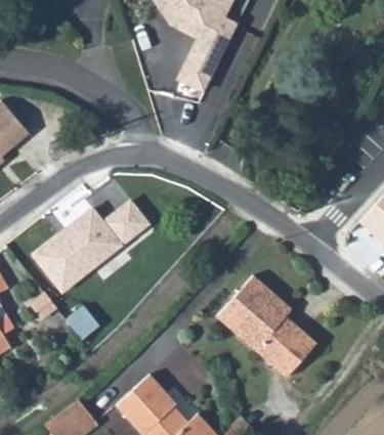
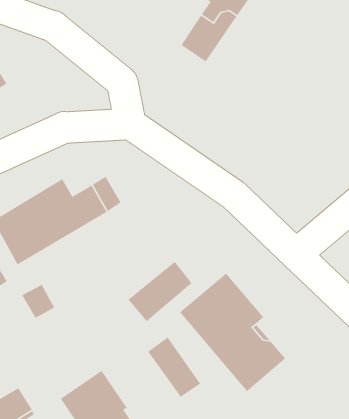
building: none -> [128,261,193,322]
building: none -> [147,336,201,398]

